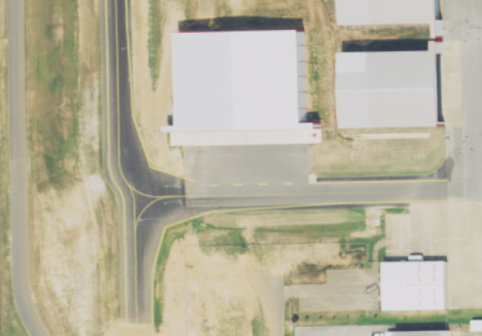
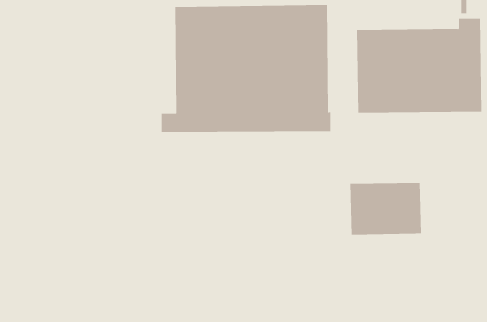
building: [375,262,440,309] -> [350,183,422,235]

